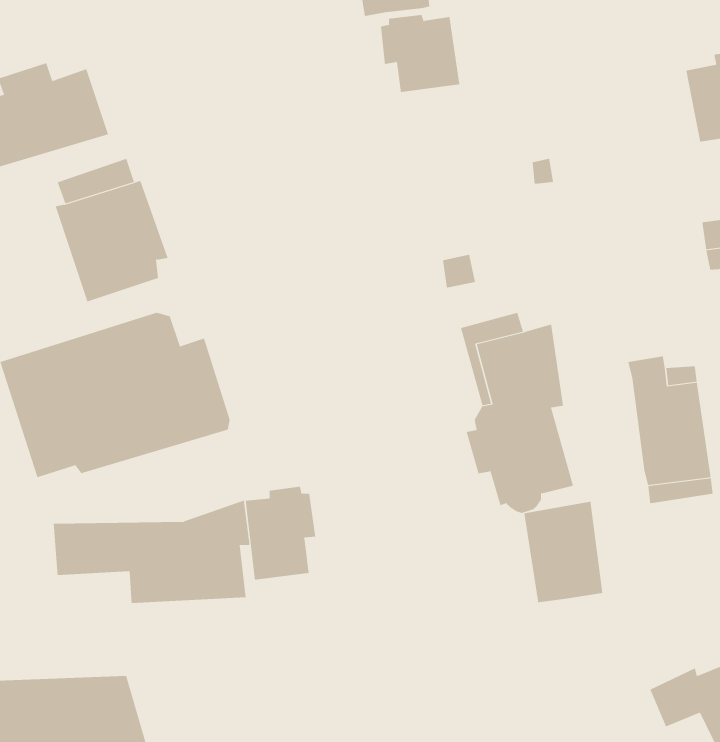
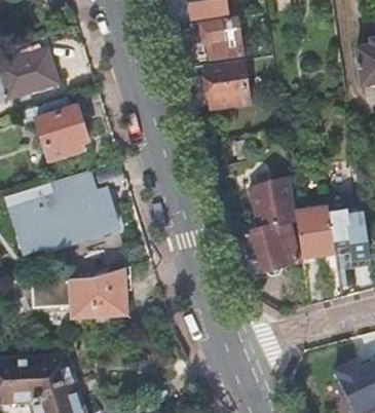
building: none -> [204,62,248,107]
building: [245,486,316,580] -> none
building: [523,501,603,603] -> [294,204,335,257]

